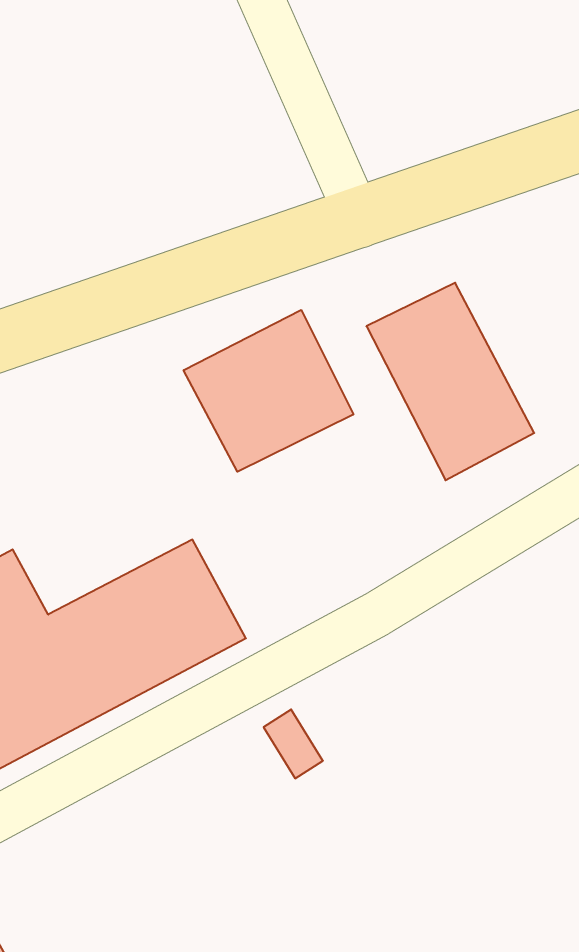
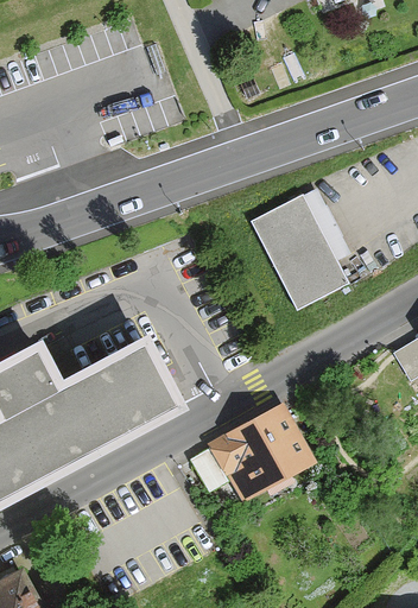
building: [184,310,353,472] -> none
building: none -> [211,401,310,496]

